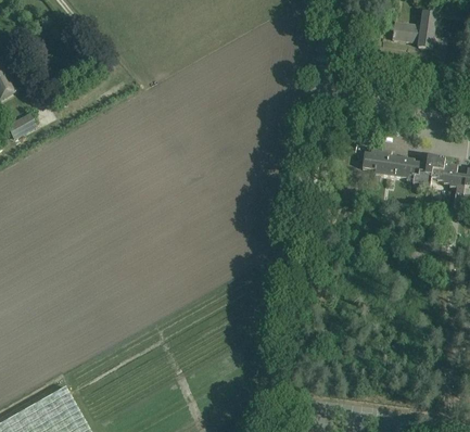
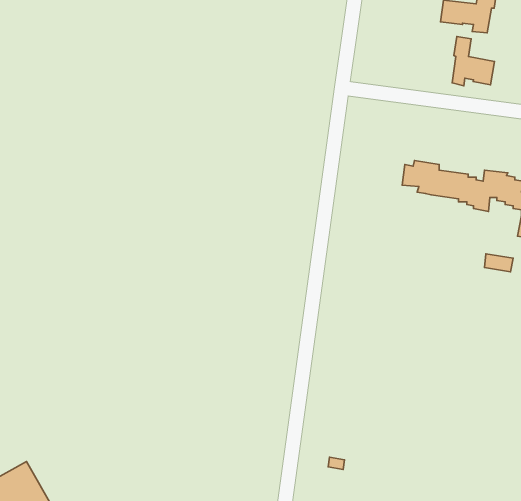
building: none -> [452,36,494,86]

